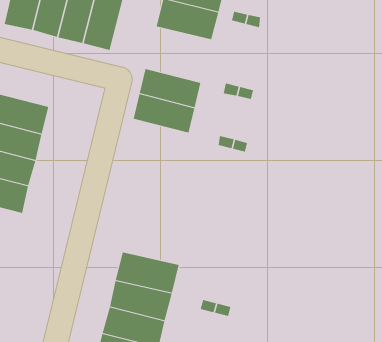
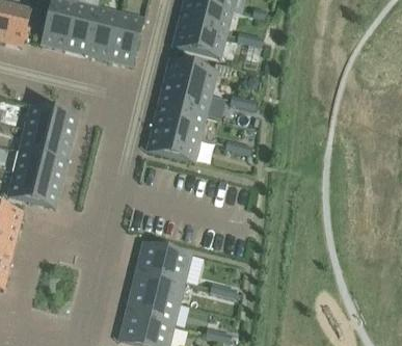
building: none -> [162,58,217,95]
building: none -> [145,126,200,162]

